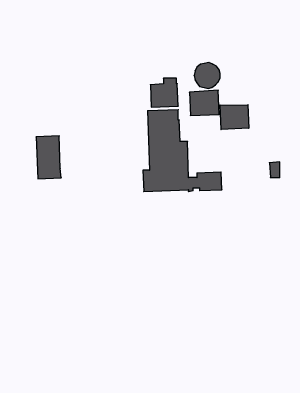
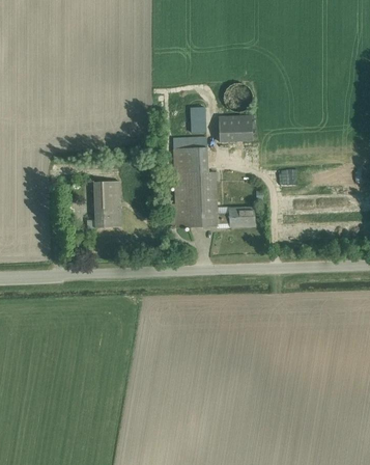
building: [220,105,249,130] -> none
building: [36,136,61,179] -> [93,181,121,228]

